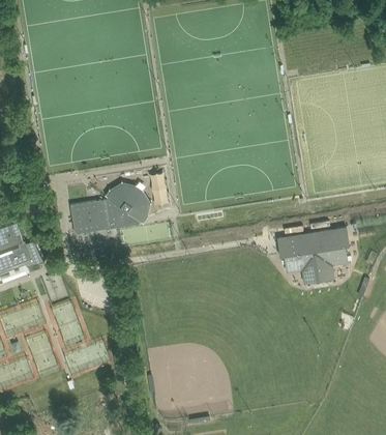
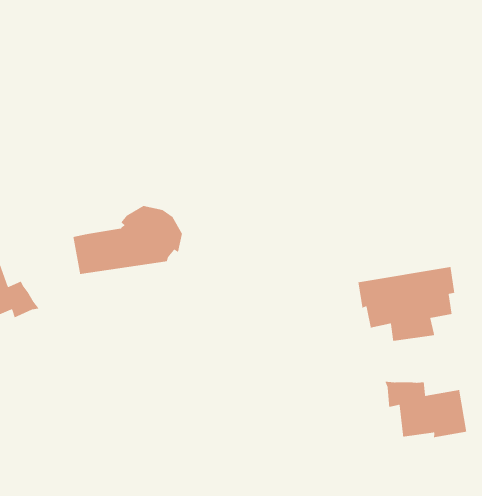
building: none -> [384,381,467,438]

